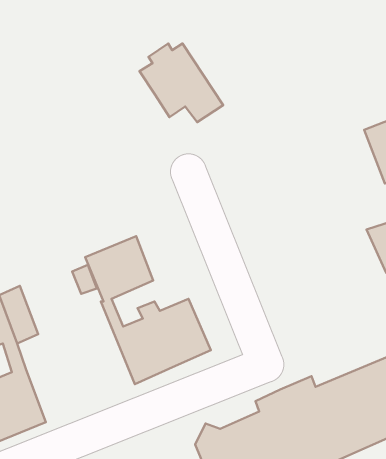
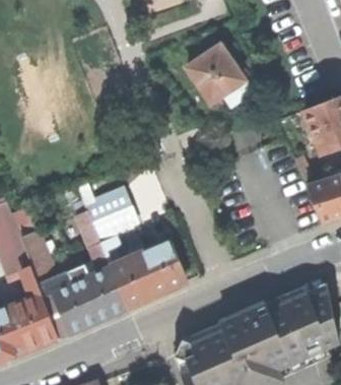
building: [139,44,223,122] -> [187,46,252,107]
building: none -> [42,244,126,337]

